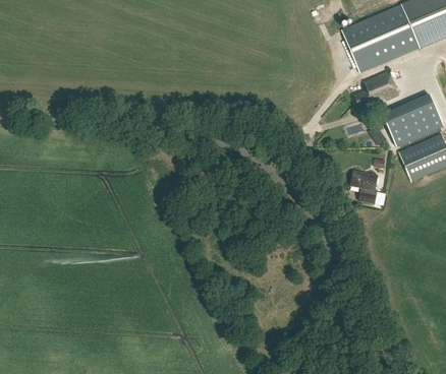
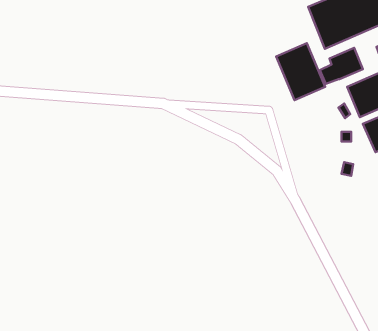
building: none -> [276,43,325,100]
building: [349,169,377,202] -> none

